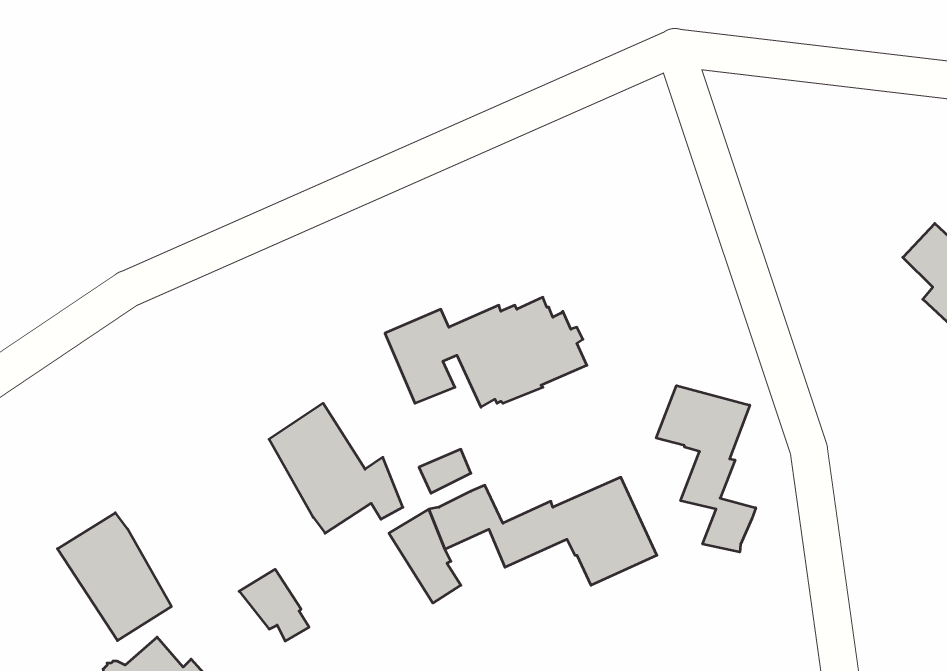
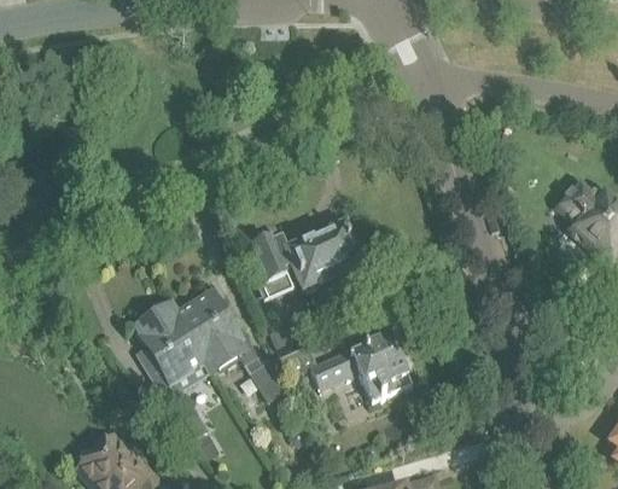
building: [656,386,756,552] -> none
building: [57,513,171,641] -> [133,304,202,382]

